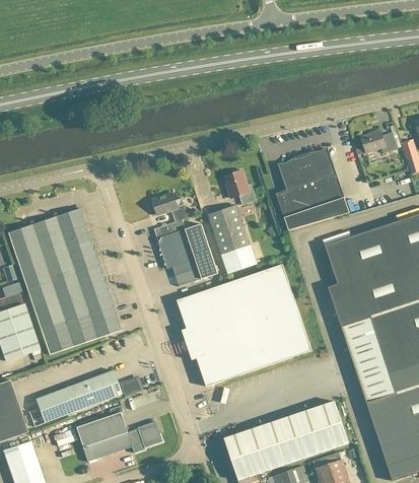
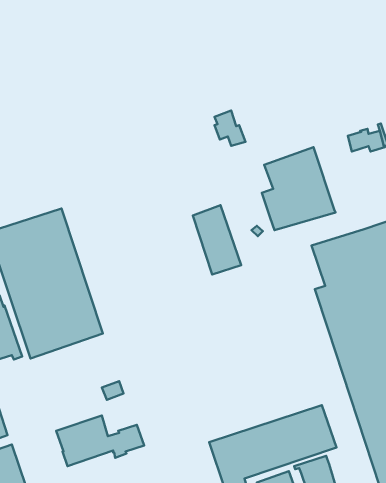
building: [225,169,256,204] -> [215,111,246,146]
building: [151,193,217,286] -> none
building: [177,265,310,387] -> none
building: [36,369,120,421] -> none

